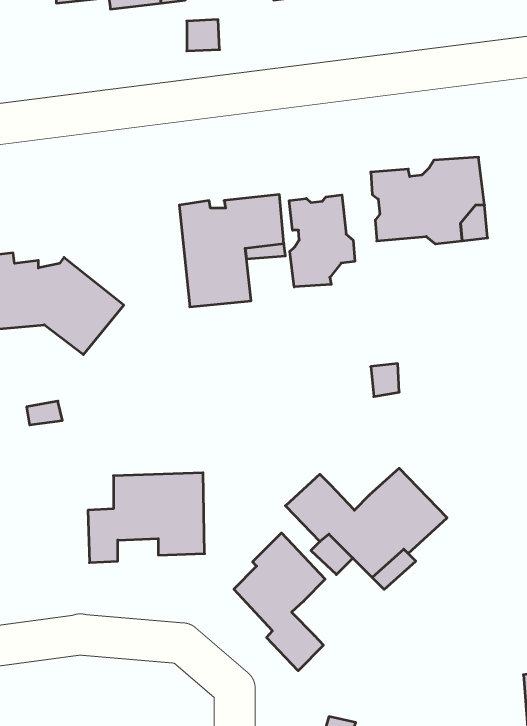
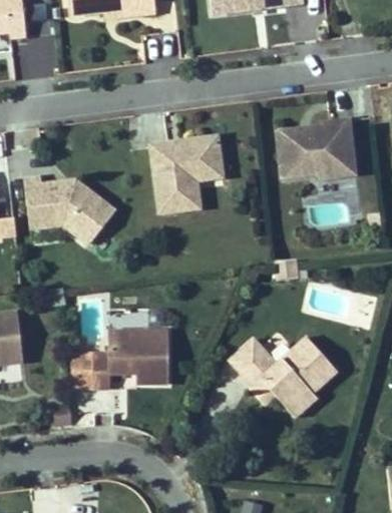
building: [289,195,355,287] -> none
building: [234,533,325,671] -> none

